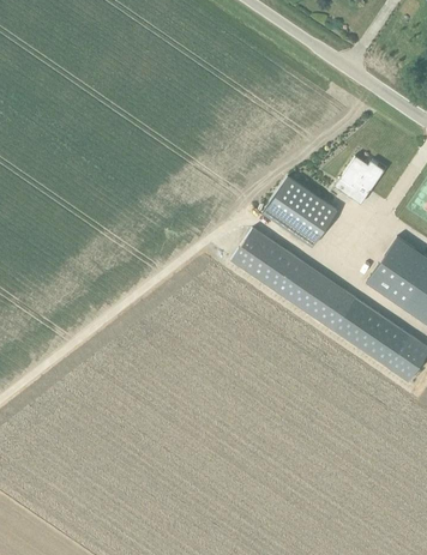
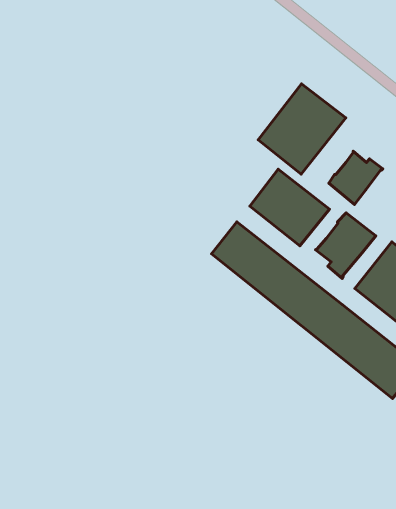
building: none -> [258,84,346,174]
building: none -> [315,213,376,278]

